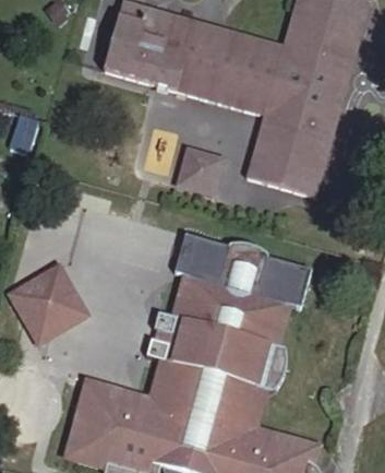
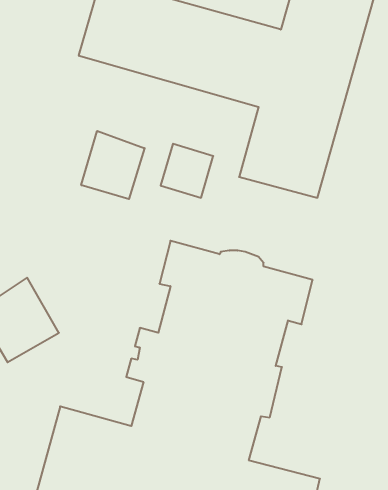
building: none -> [81,131,145,199]

